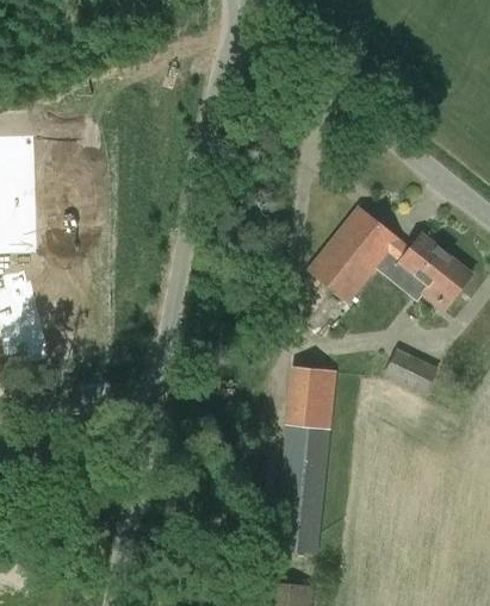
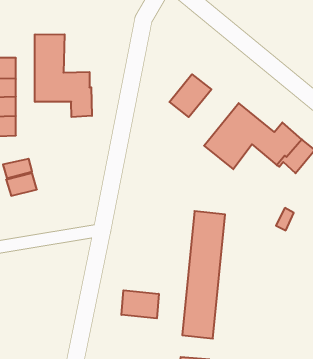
building: none -> [35,34,92,117]
building: none -> [169,74,211,117]
building: [384,348,426,387] -> none
building: none -> [121,290,159,318]

